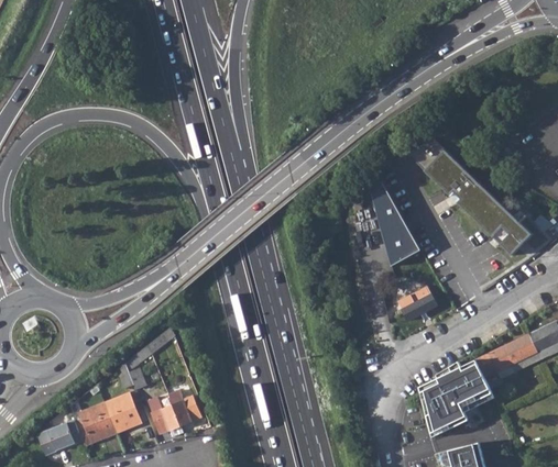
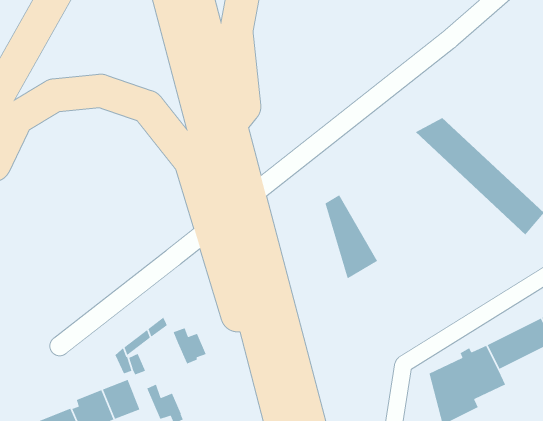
building: [371,185,423,267] -> [325,194,378,279]
building: [397,287,436,321] -> none
building: [167,390,200,426] -> [173,327,207,365]

